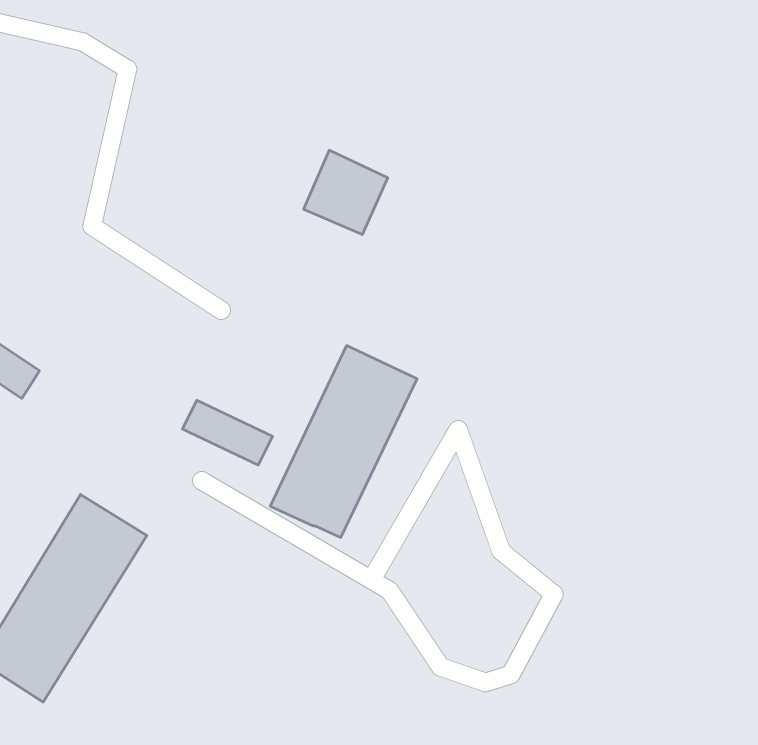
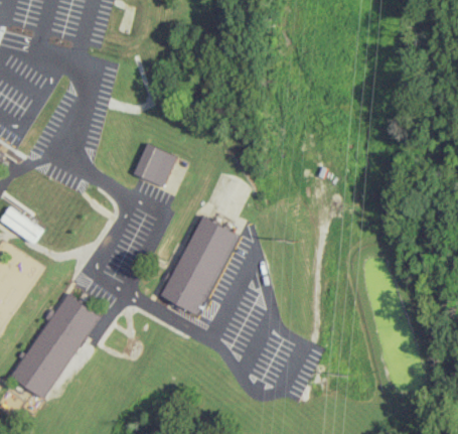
building: [304,150,388,235] -> [133,143,176,186]
building: [182,400,272,465] -> none

